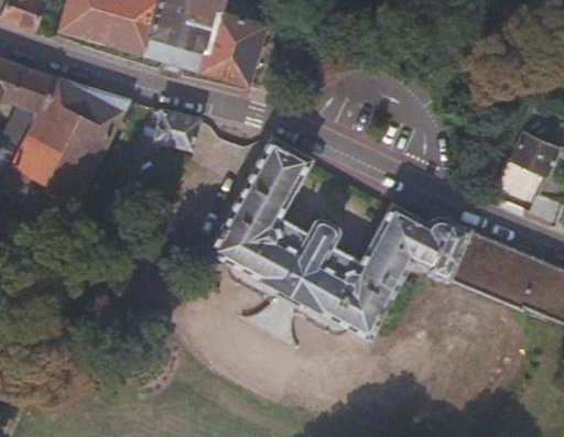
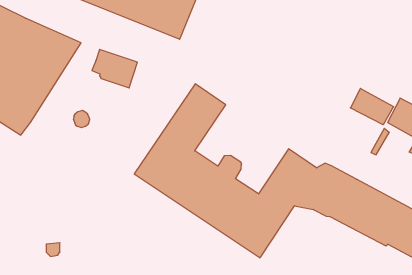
building: none -> [350,88,394,125]

